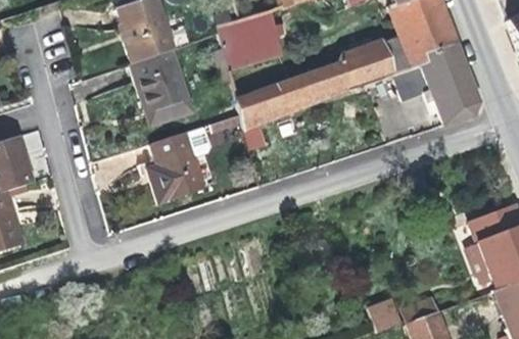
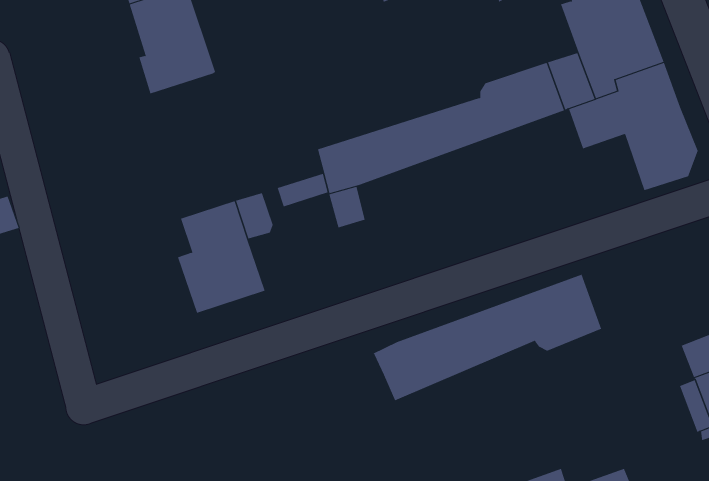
building: [218,7,284,67] -> none
building: [131,49,193,124] -> none
building: none -> [373,274,602,401]

